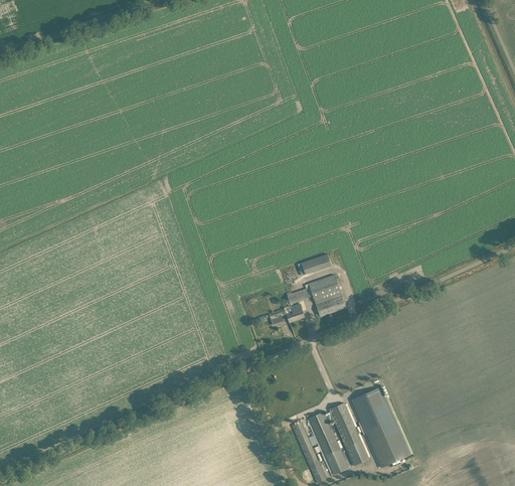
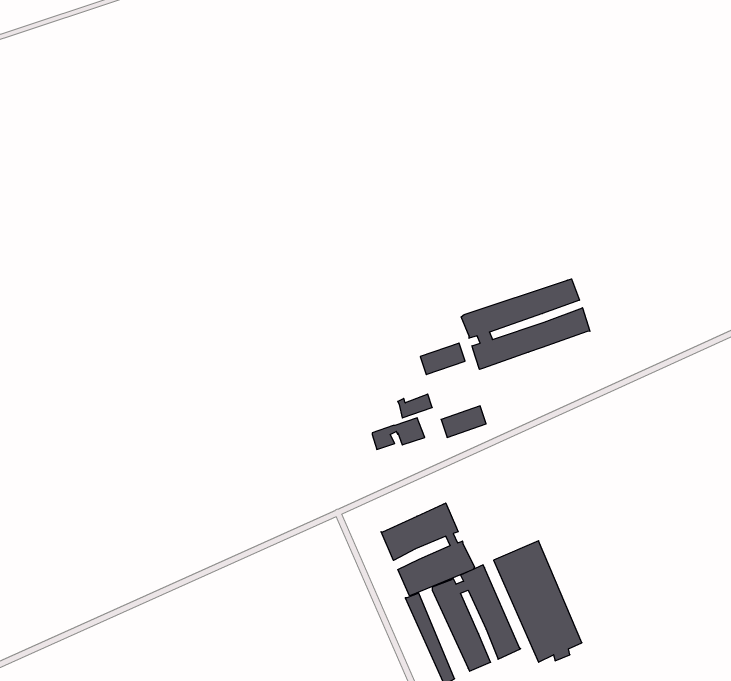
building: none -> [461,279,590,369]
building: [308,275,341,304] -> none
building: none -> [381,503,474,596]

